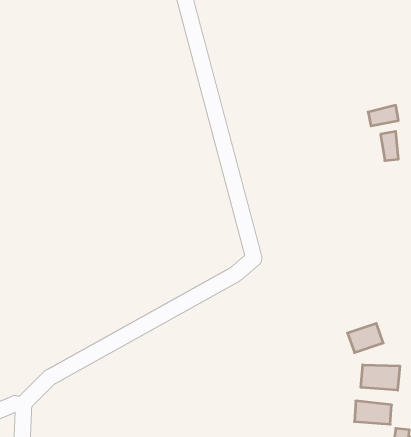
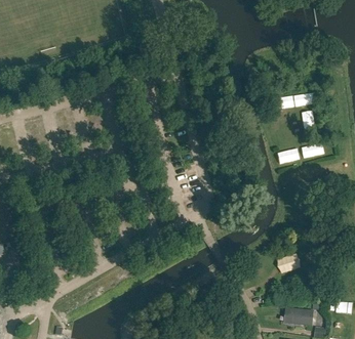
building: [361,365,400,390] -> none

